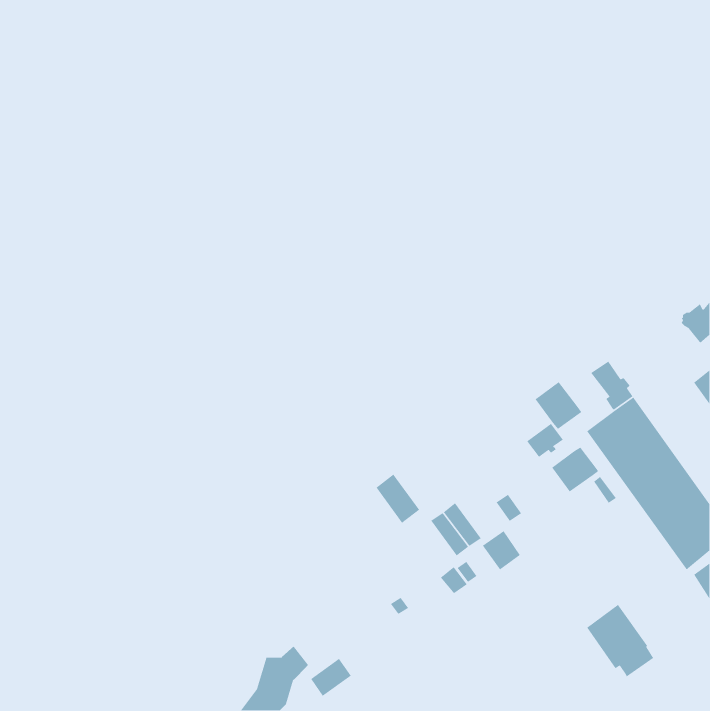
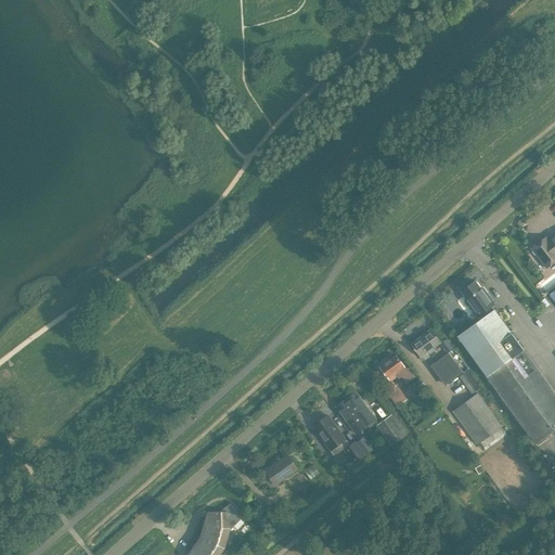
building: [535,381,582,430] -> none
building: none -> [378,354,414,383]
building: [376,474,420,524] -> [312,415,347,454]
building: [586,604,654,678] -> [452,392,505,450]
building: [310,658,352,697] -> [264,454,297,485]

